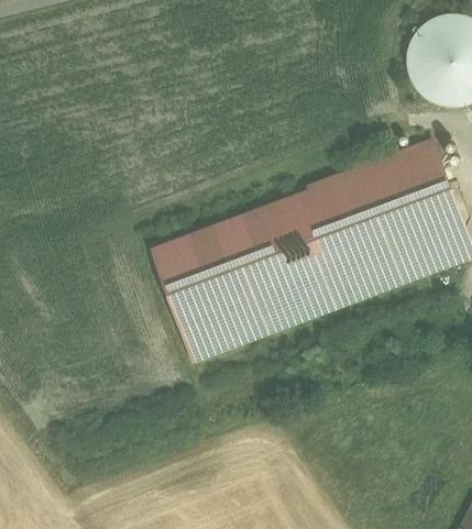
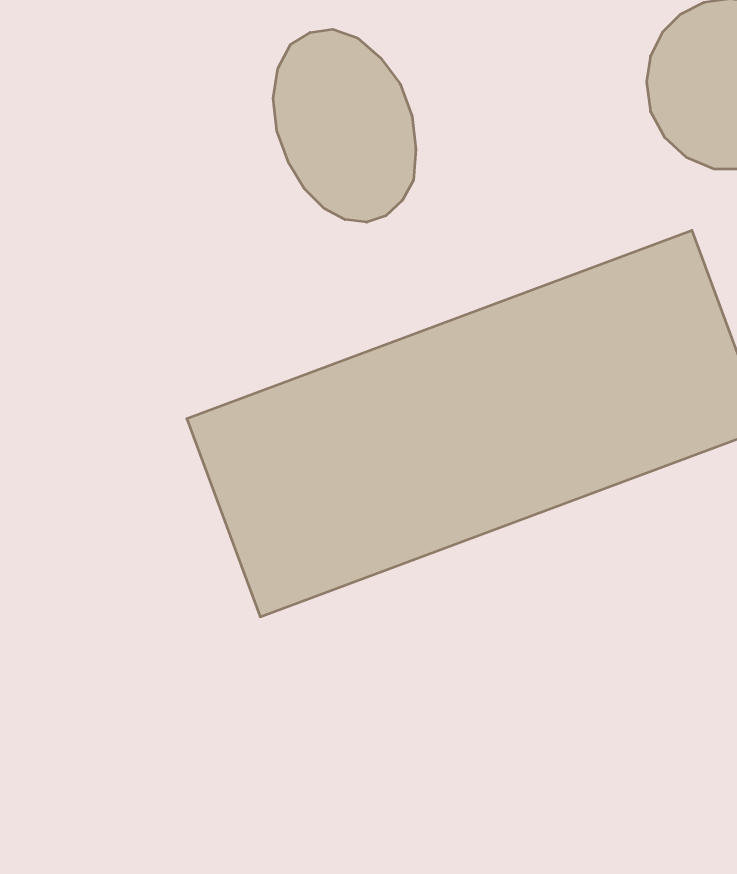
building: none -> [273,29,416,222]

